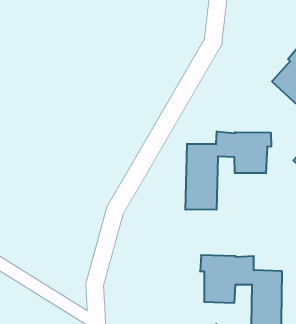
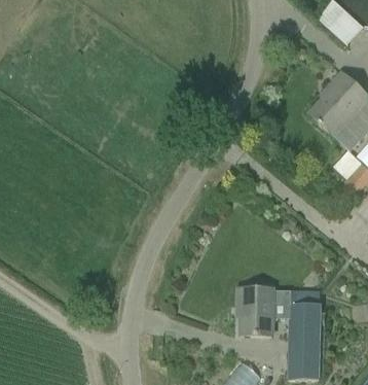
building: [185,131,271,210] -> none

